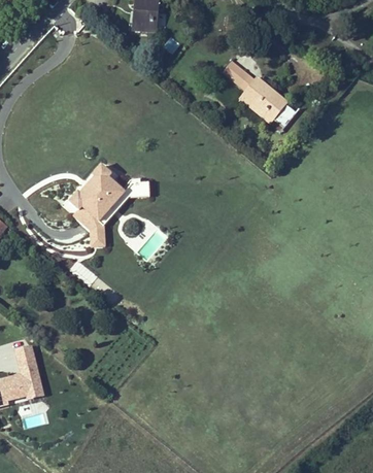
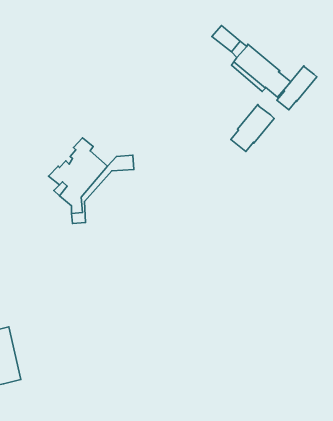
building: none -> [277,66,317,110]
building: none -> [231,105,274,152]

